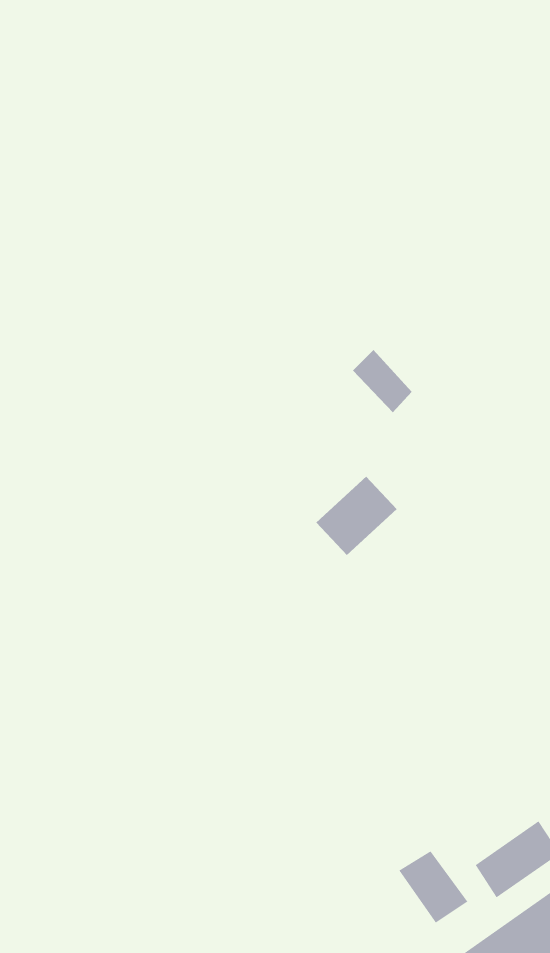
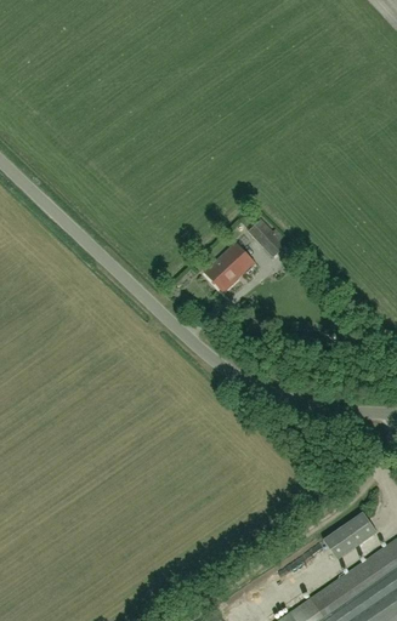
building: [316,476,397,556] -> [203,244,254,294]
building: [398,851,468,924] -> none

